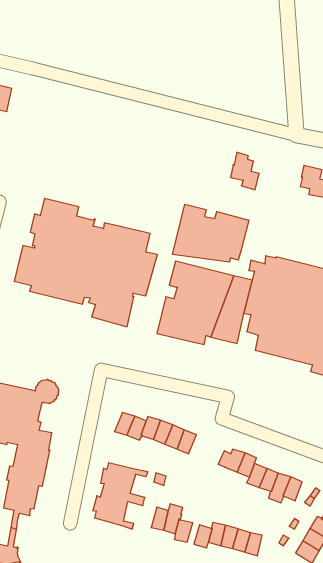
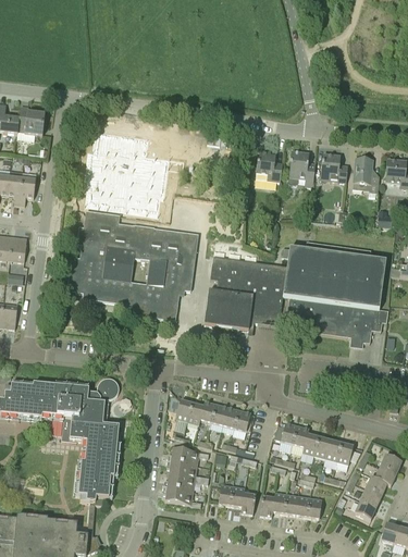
building: none -> [82,127,169,214]
building: none -> [288,151,316,186]
building: [172,204,249,262] -> none

